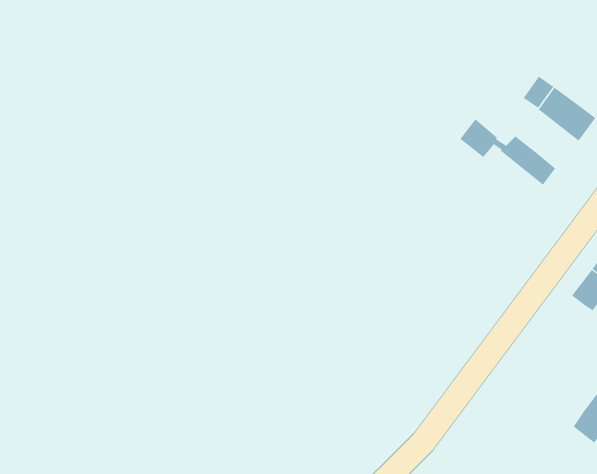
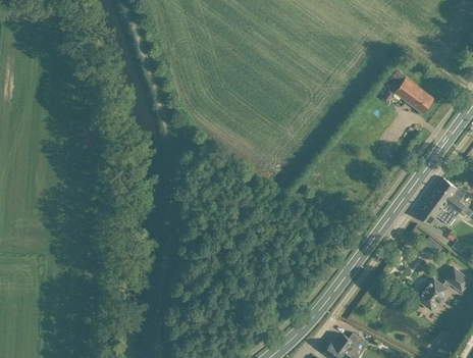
building: [459,119,556,186] -> none

